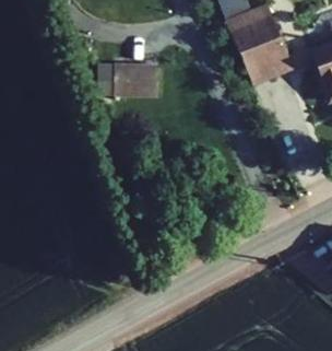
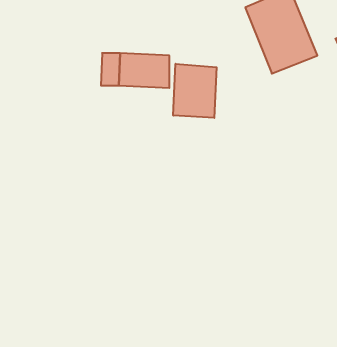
building: none -> [173,64,217,118]

